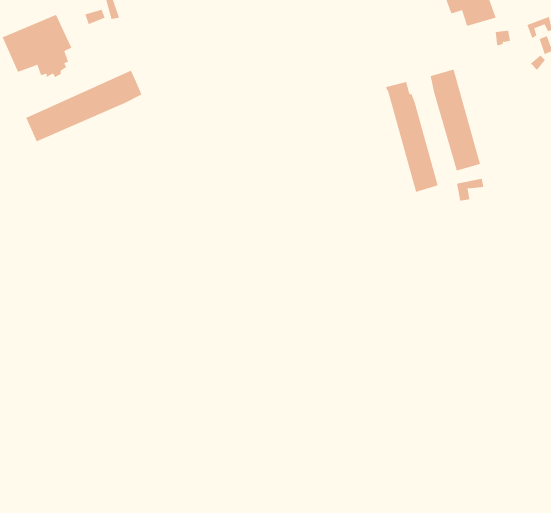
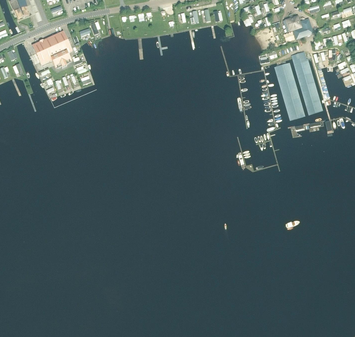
building: [26,70,142,142] -> none
building: [386,81,438,192] -> [292,51,322,114]

